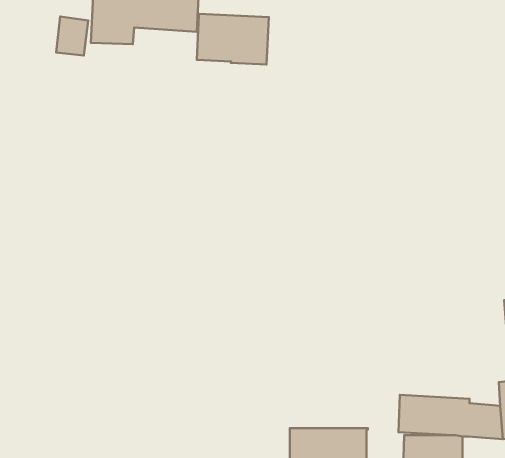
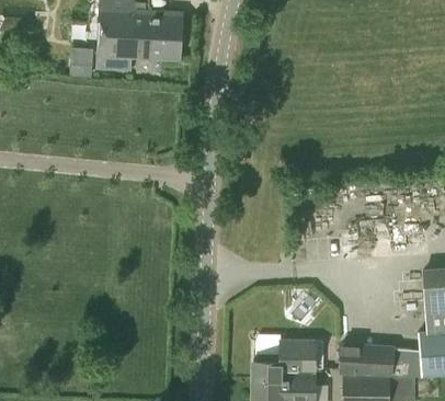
building: [197,14,269,64] -> none
building: none -> [253,336,322,370]

